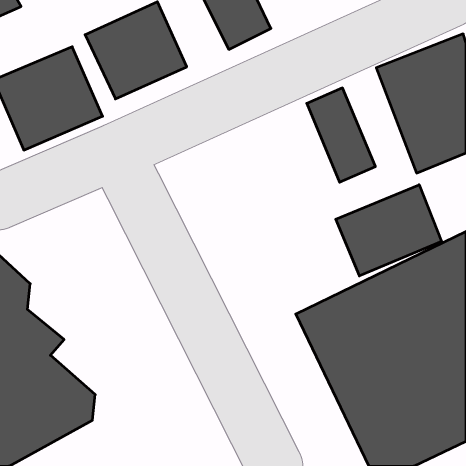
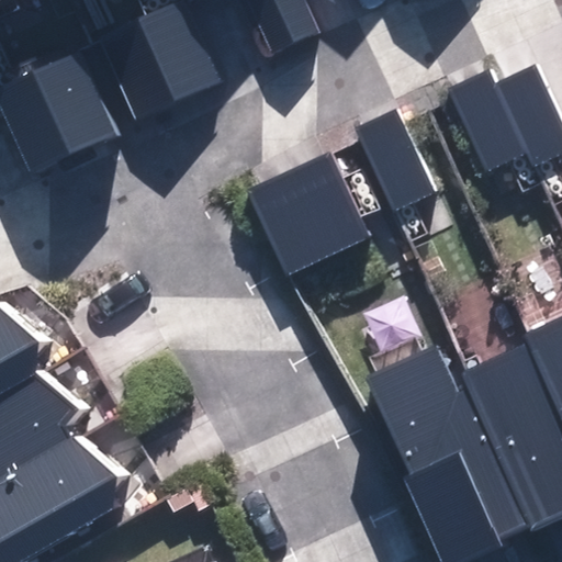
building: none -> [249,147,376,272]
building: [336,185,441,276] -> none

